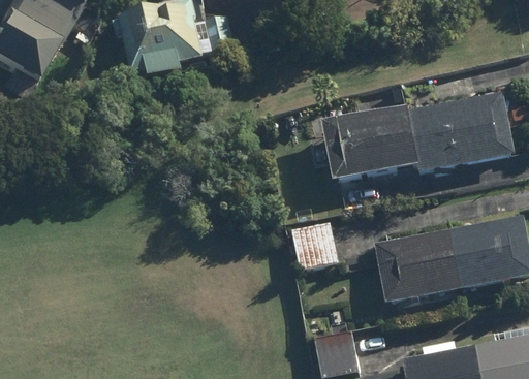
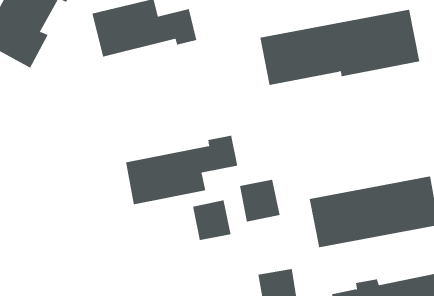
building: [320,91,514,183] -> [259,9,420,85]
building: none -> [125,135,238,205]
building: none -> [193,200,231,241]

